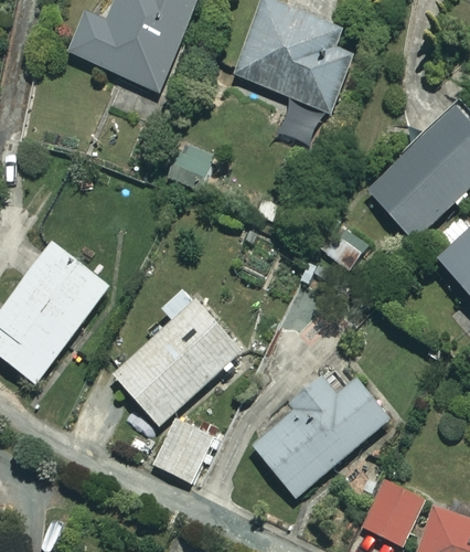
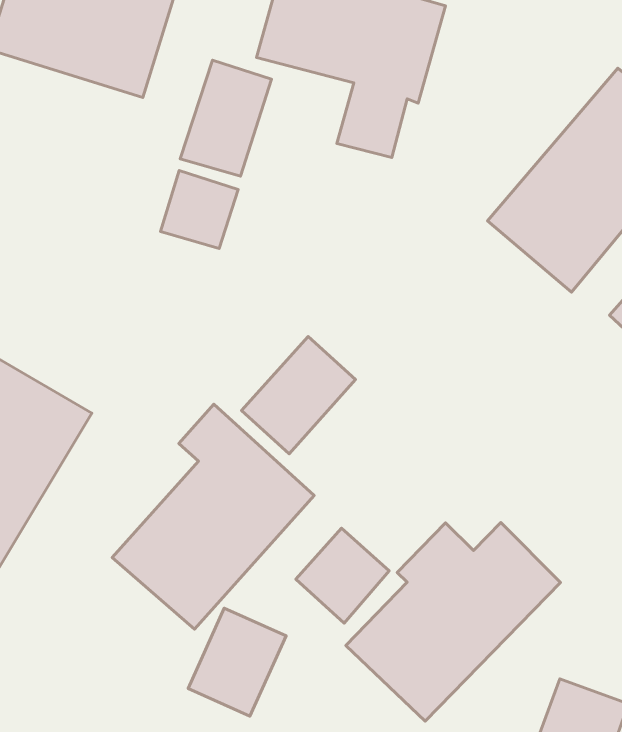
building: none -> [180,60,272,176]
building: none -> [242,336,356,454]
building: none -> [296,528,389,623]

